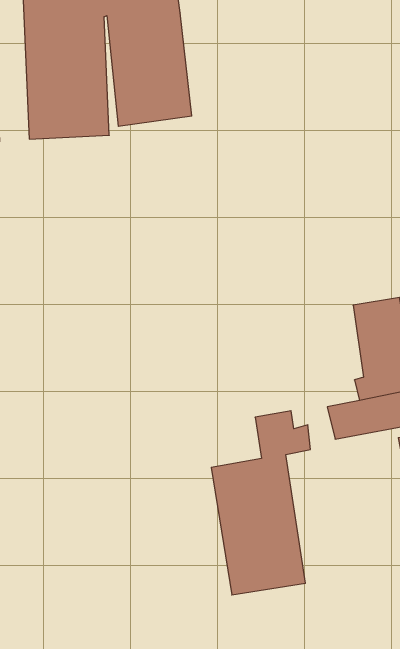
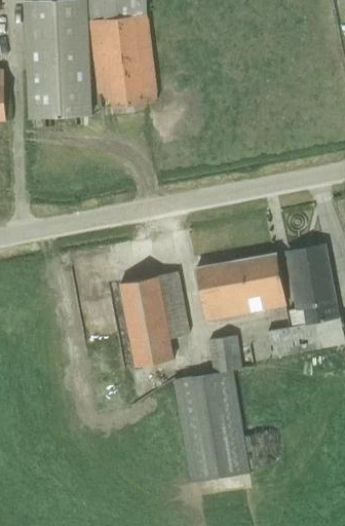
building: none -> [195,253,286,320]
building: none -> [120,271,189,366]

